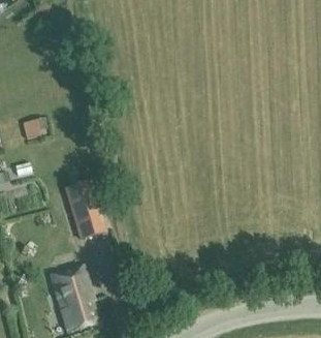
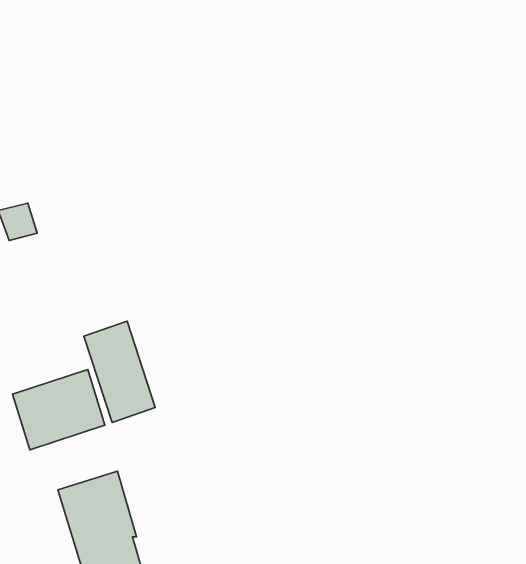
building: none -> [12,370,105,450]

